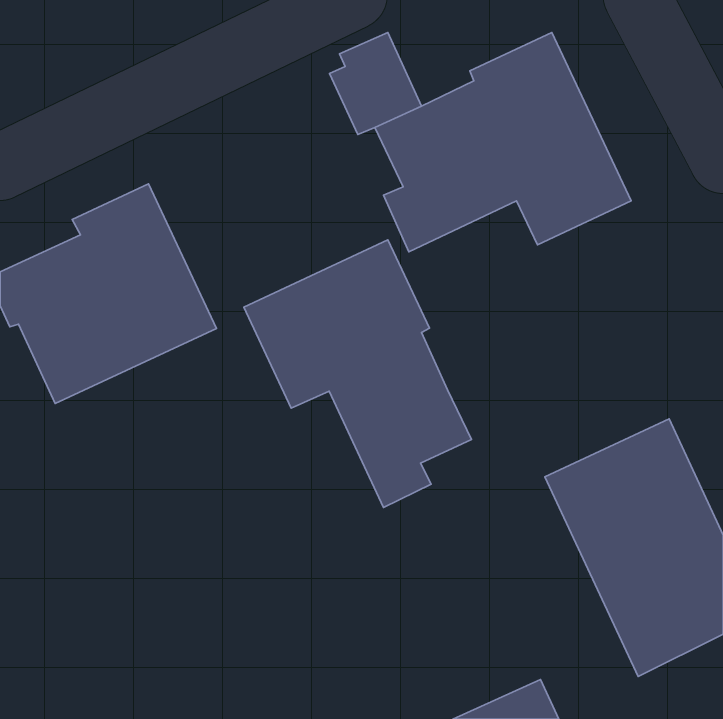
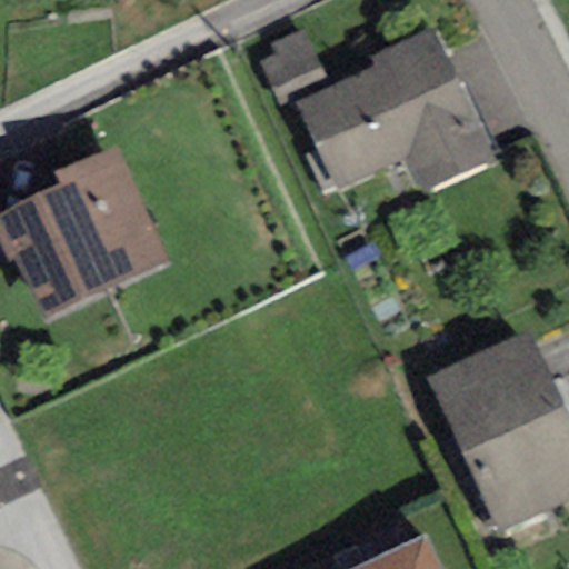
building: [244,240,472,508] -> none

